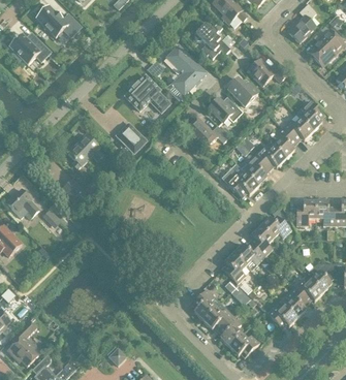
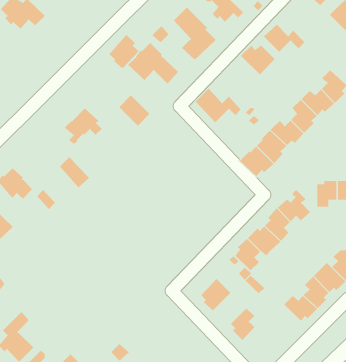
building: none -> [108,34,140,69]
building: [208,97,241,122] -> none
building: [201,303,231,330] -> none
building: [228,334,258,357] -> none

